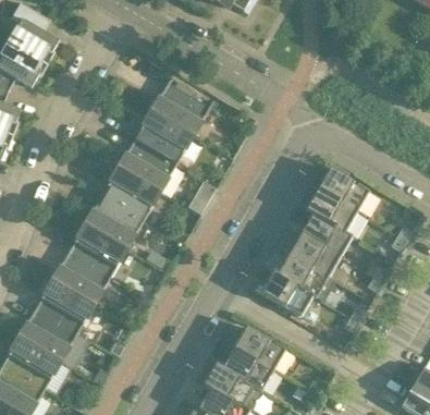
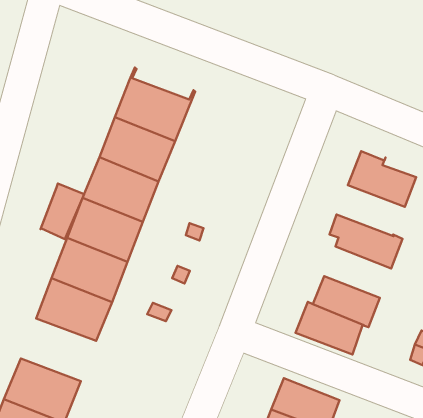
building: none -> [40,184,84,239]
building: [305,188,357,232] -> none
building: [288,233,340,277] -> none
building: [51,252,110,304] -> none

